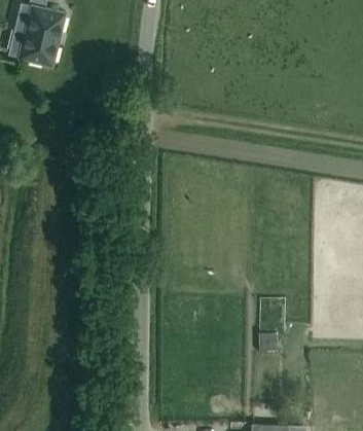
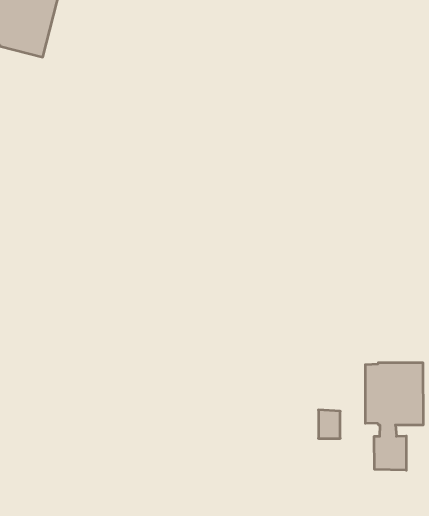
building: none -> [365,363,423,470]

